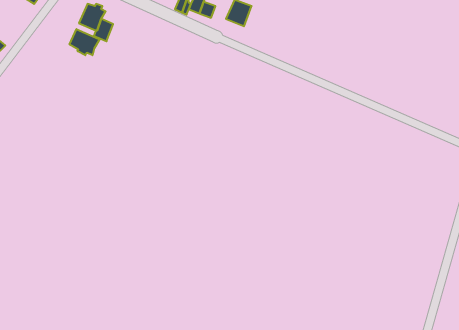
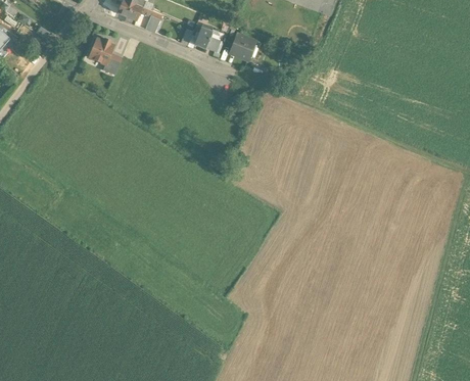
building: [70,29,99,55] -> none

